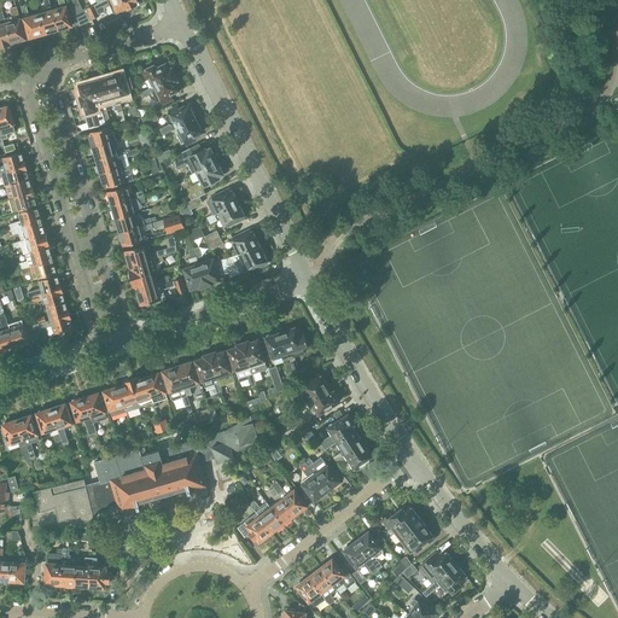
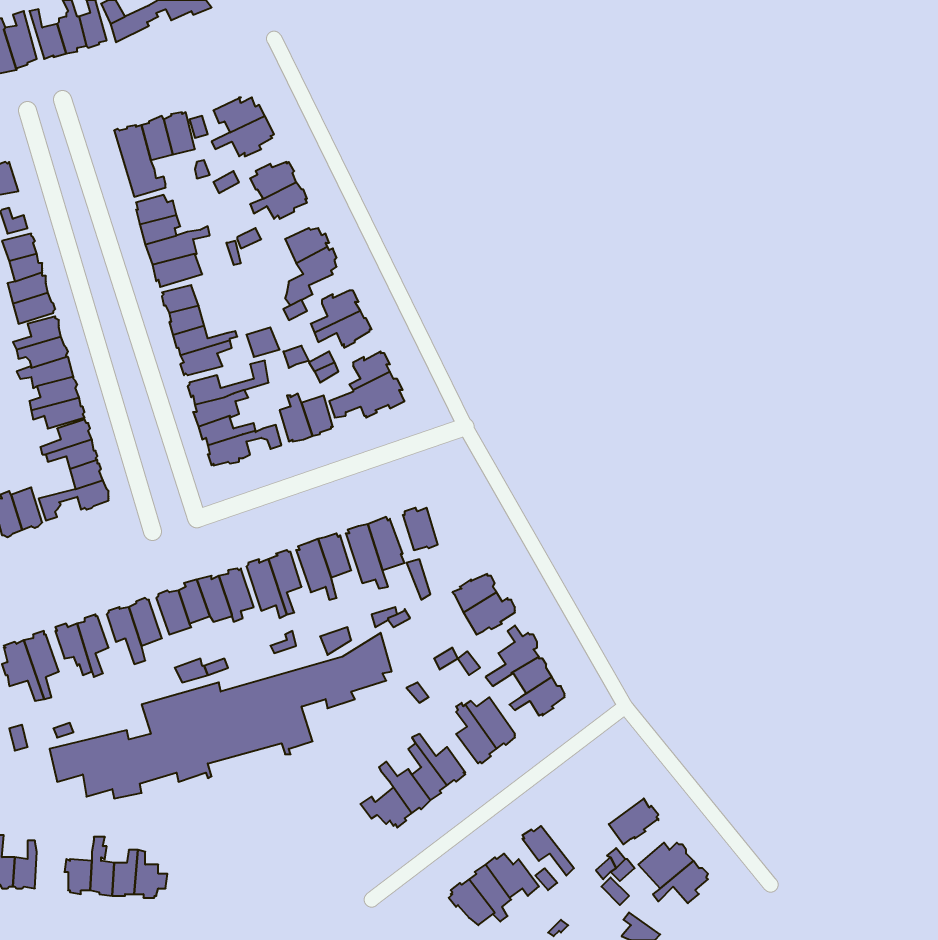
building: [280,327,307,379] -> none
building: [381,507,422,541] -> none
building: [355,531,384,570] -> none

